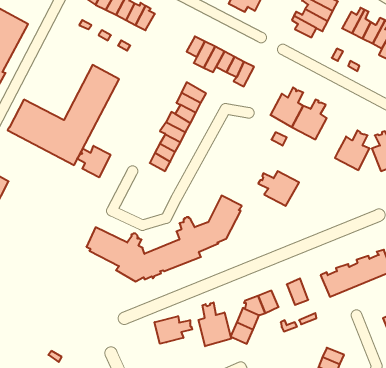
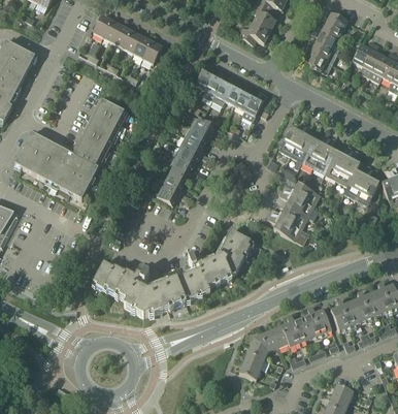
building: none -> [325,145,359,185]
building: [77,146,110,177] -> none
building: none -> [279,182,322,216]
building: none -> [307,306,332,335]
building: none -> [280,314,304,346]
building: [198,302,231,346] -> none
building: [155,316,192,344] -> none

